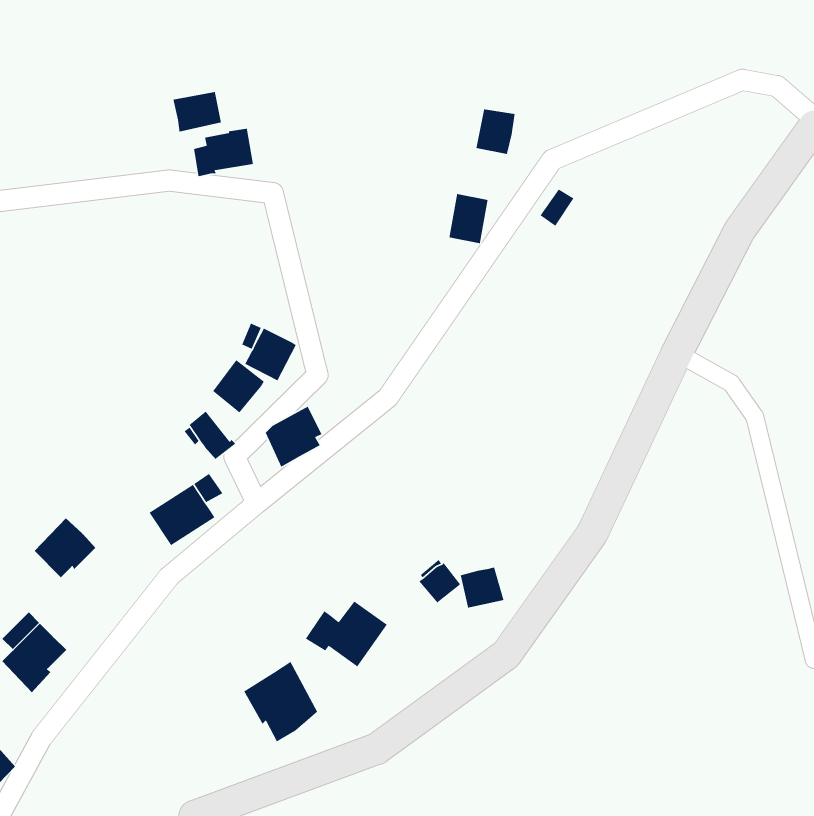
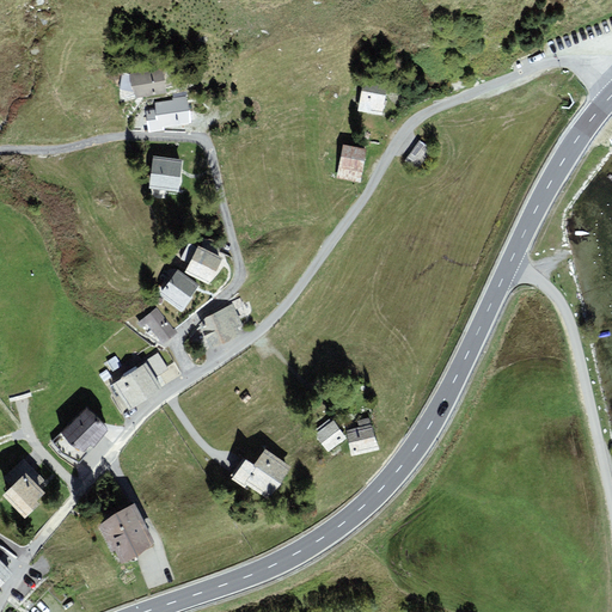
building: none -> [147,155,182,192]
building: [34,517,96,578] -> [61,408,108,453]
building: [243,661,318,742] -> [97,503,153,564]

